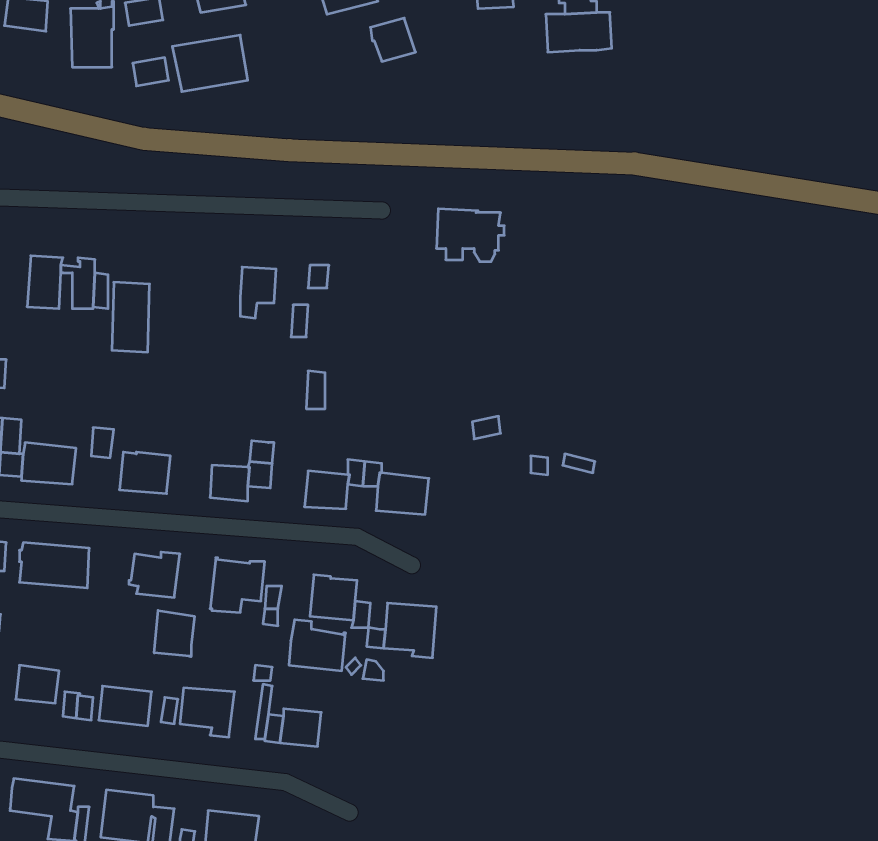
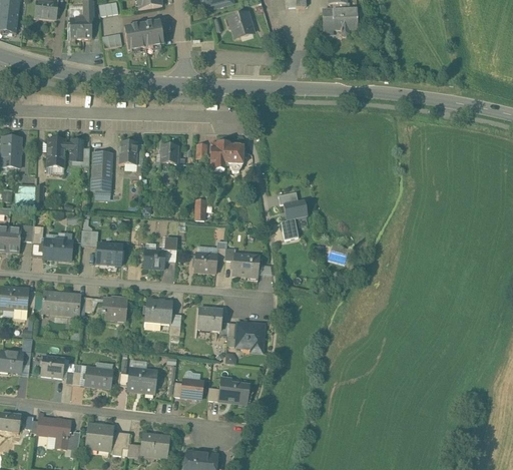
building: [436,209,504,262] -> [209,142,245,170]
building: none -> [118,138,136,170]
building: none -> [282,198,308,222]
building: [154,610,194,657] -> none
building: [289,620,346,671] -> [218,378,248,405]

